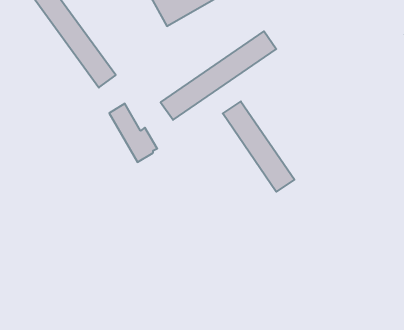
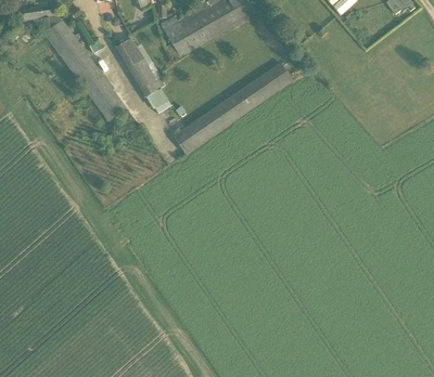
building: [223,101,294,192] -> none
building: [109,104,157,162] -> [115,37,165,97]

